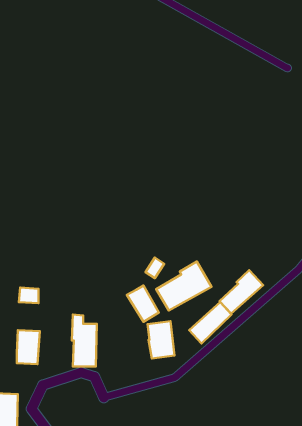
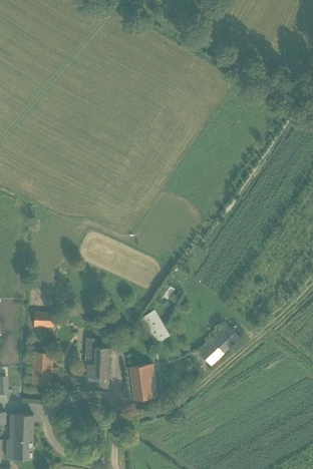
building: [156,261,212,310] -> none
building: [219,270,263,314] -> none
building: [148,321,175,358] -> [129,363,155,399]

